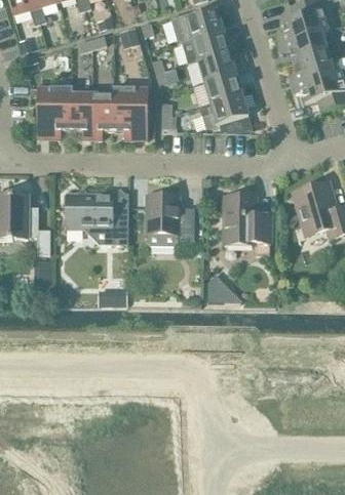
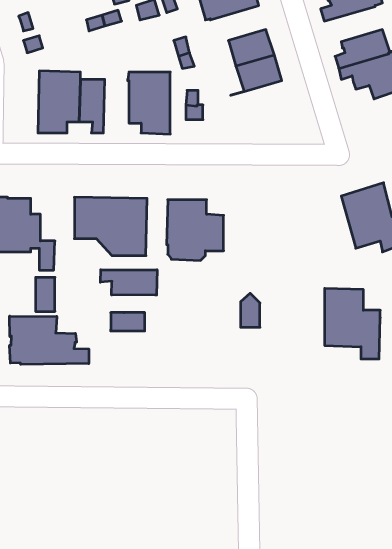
building: [182,31,229,64] -> none
building: [278,32,328,61] -> none
building: [91,93,113,138] -> none
building: [199,94,248,128] -> none
building: [223,195,270,254] -> [325,288,380,359]
building: none -> [100,270,157,295]
building: none -> [10,316,89,364]

